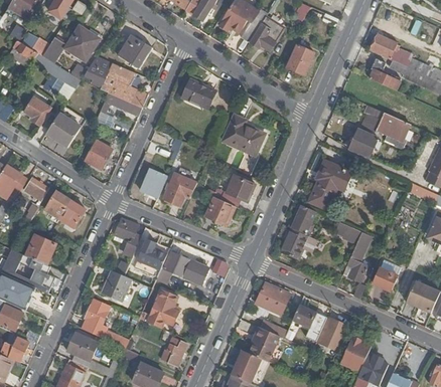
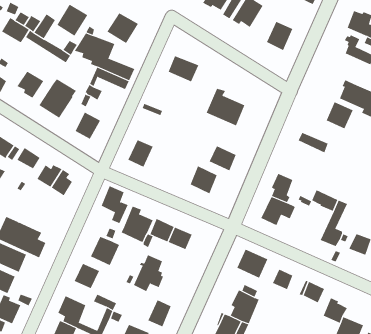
building: [309,170,347,210] -> none
building: [163,173,196,206] -> none
building: [25,234,56,265] -> none

